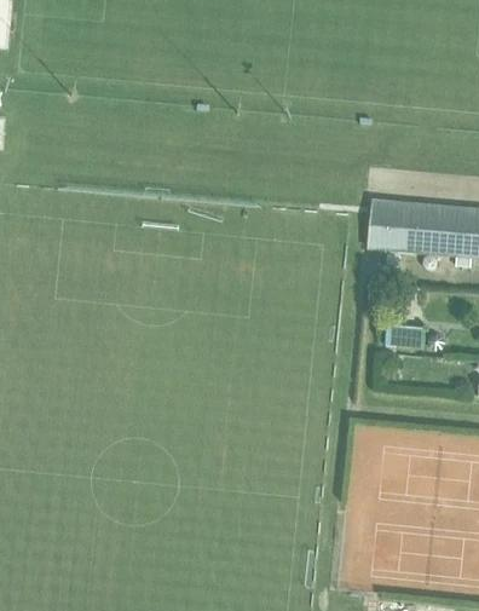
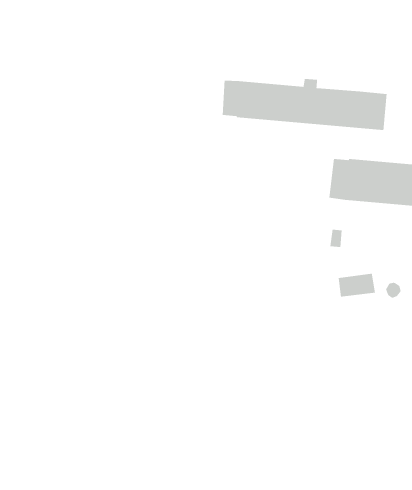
building: none -> [222,78,387,131]

